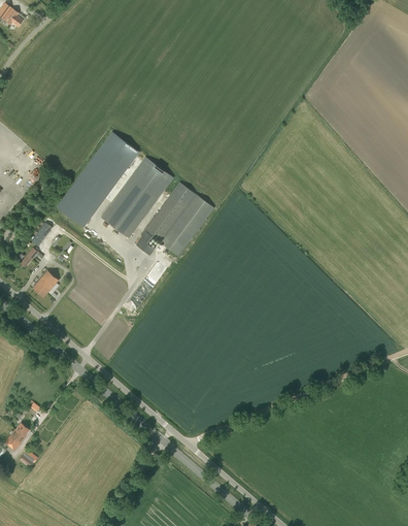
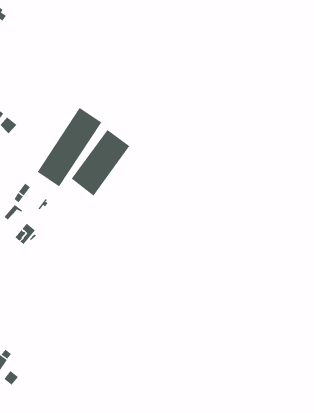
building: [140,182,213,256] -> none

